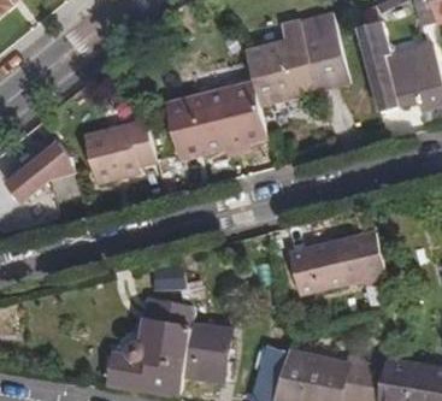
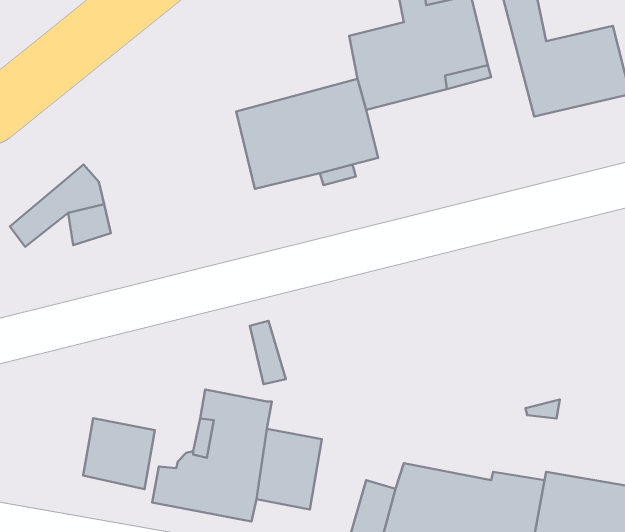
building: [84,119,155,177] -> none
building: [290,234,387,300] -> none
building: none -> [83,418,155,489]

